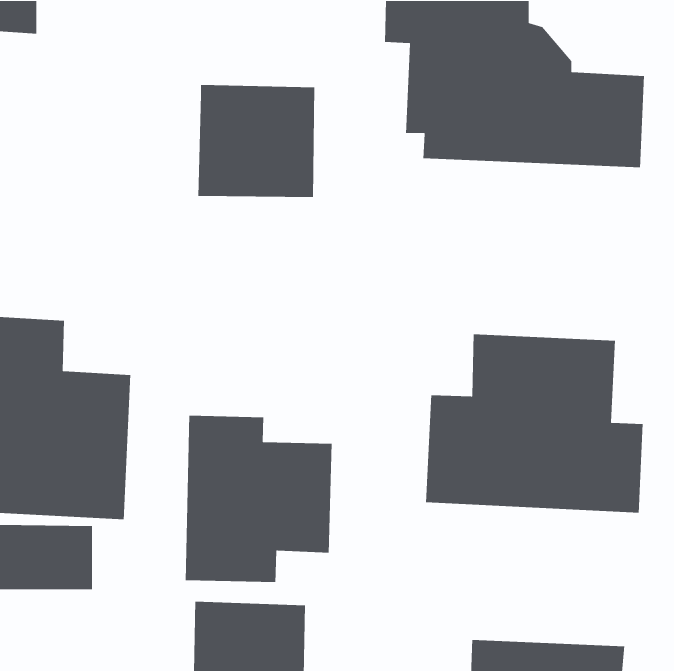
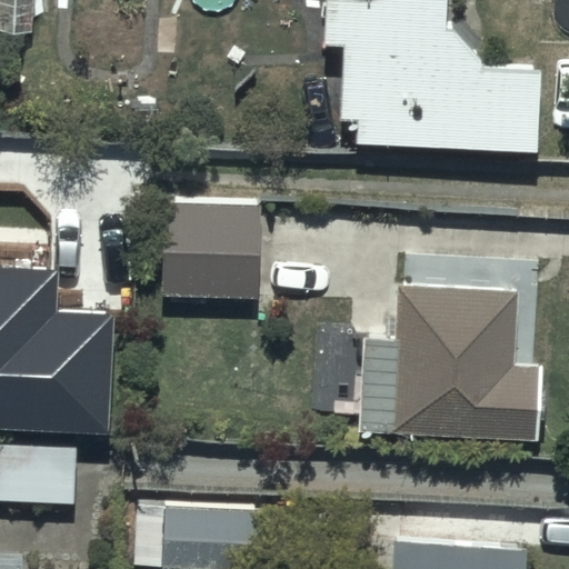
building: [197,84,315,198] -> [160,199,259,295]
building: [185,415,332,583] -> none

